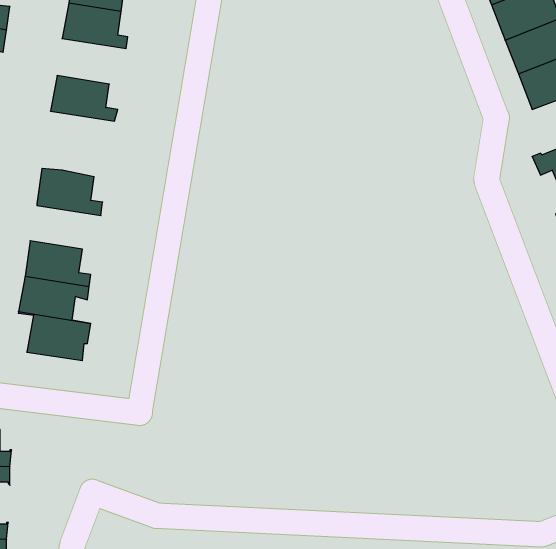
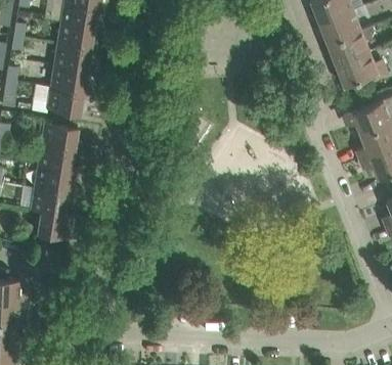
building: none -> [54,43,96,71]
building: none -> [47,87,89,115]
building: none -> [38,144,81,171]

